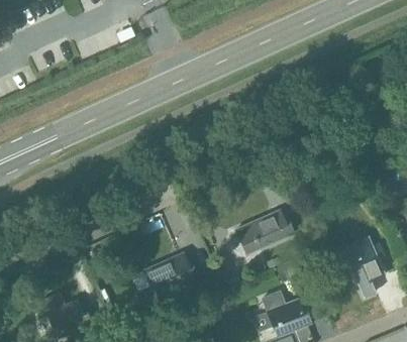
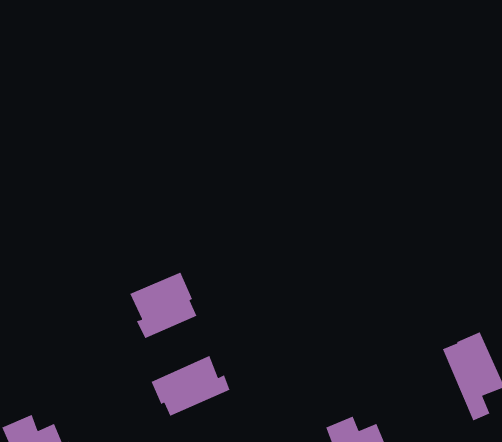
building: none -> [129,271,197,339]
building: [235,208,294,254] -> none

